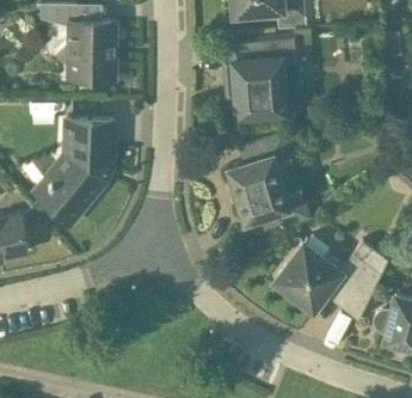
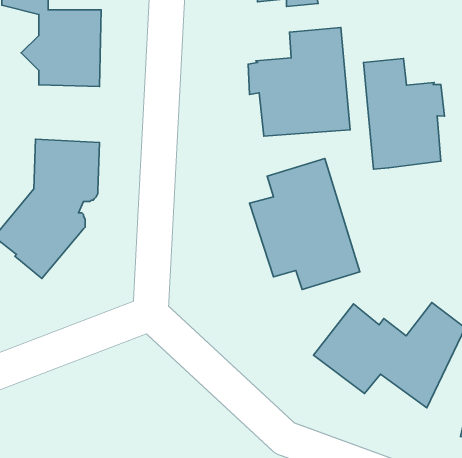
building: none -> [363,59,445,169]

